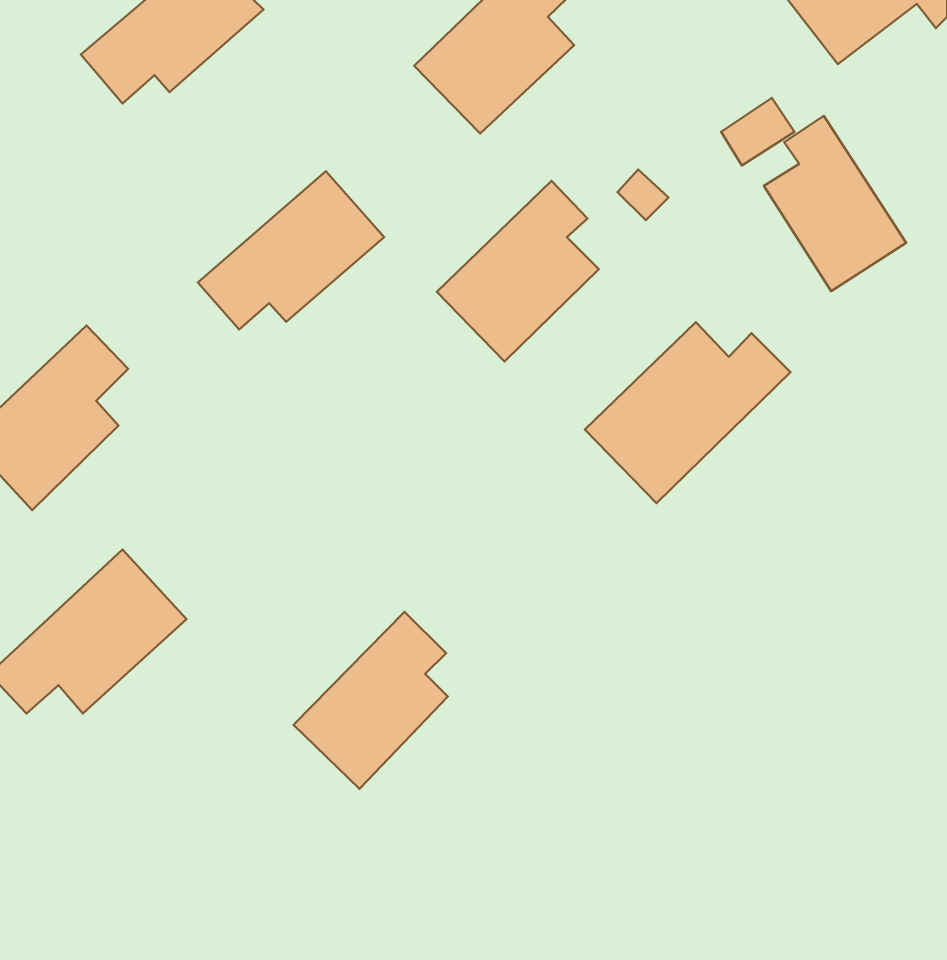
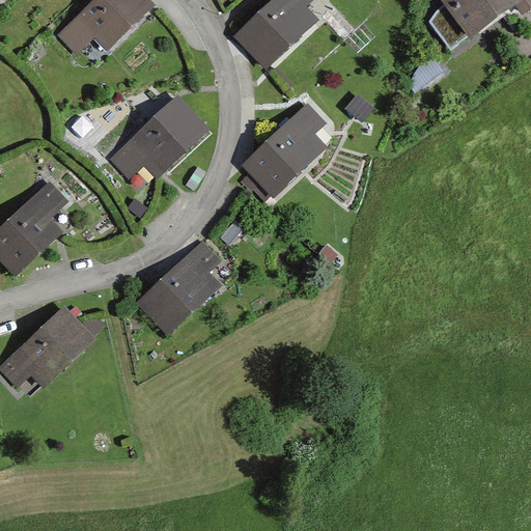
building: [764,116,906,291] -> none
building: [585,322,790,503] -> none
building: [294,612,448,789] -> [138,239,223,336]

